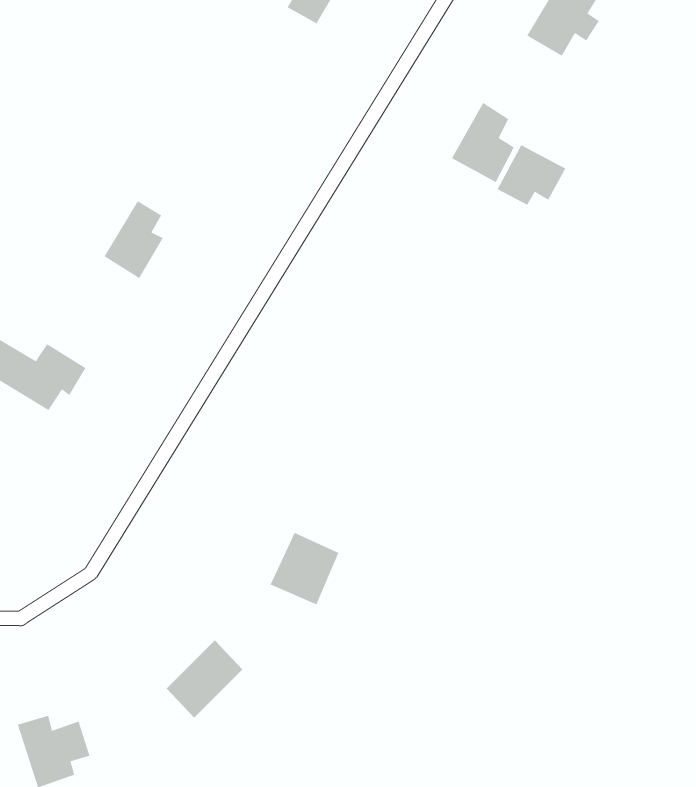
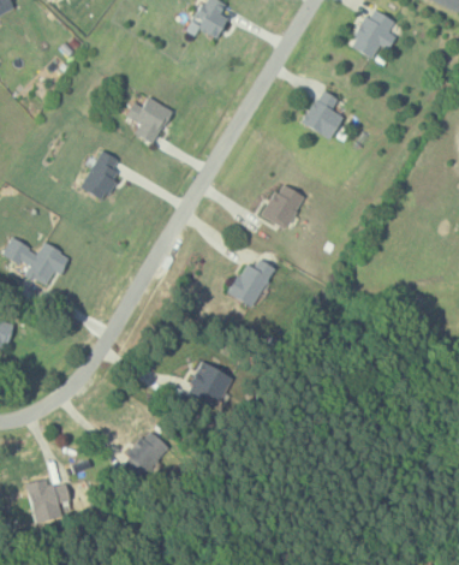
building: none -> [126,96,173,143]
building: [496,144,567,206] -> none
building: none -> [263,183,305,230]
building: none -> [228,257,275,308]

